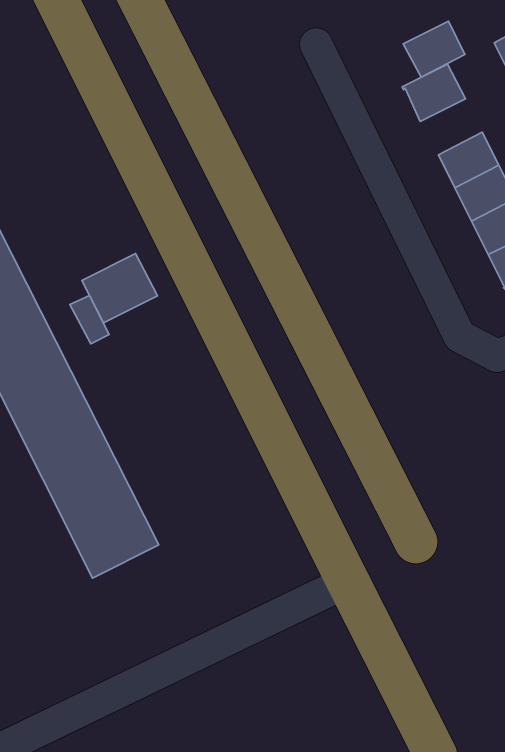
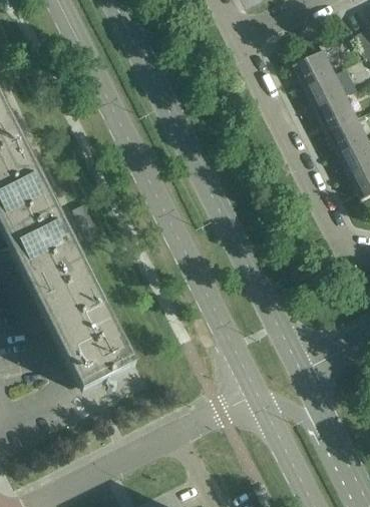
building: [403,21,465,77] -> [306,69,347,106]
building: [82,253,158,323] -> none

